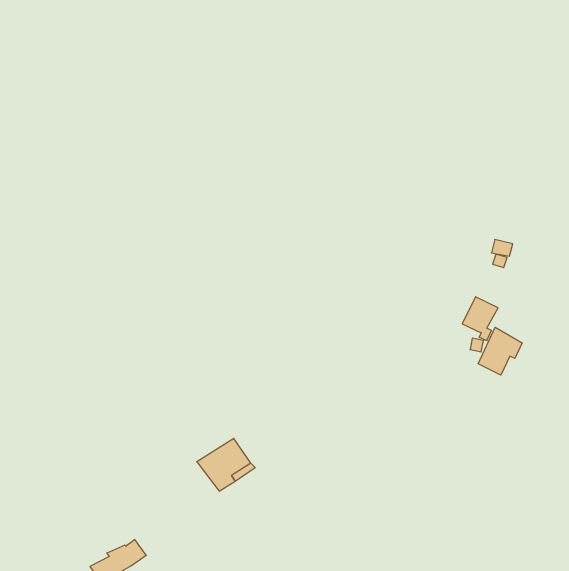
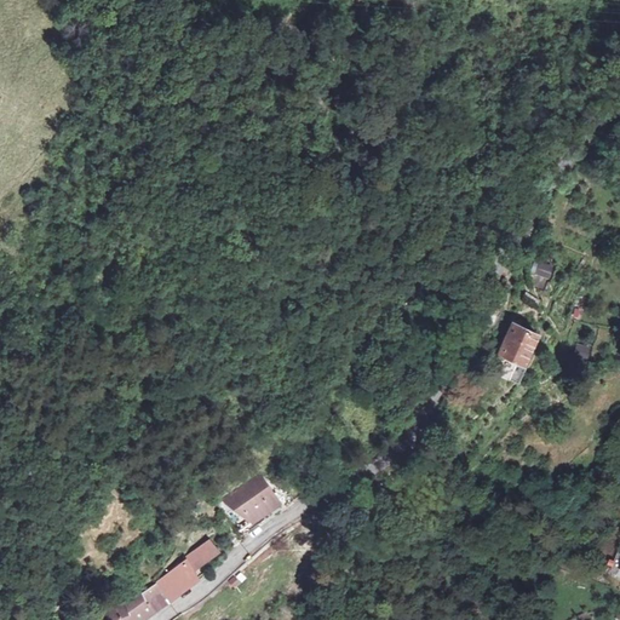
building: [478,327,522,375] -> none
building: none -> [151,539,218,602]

